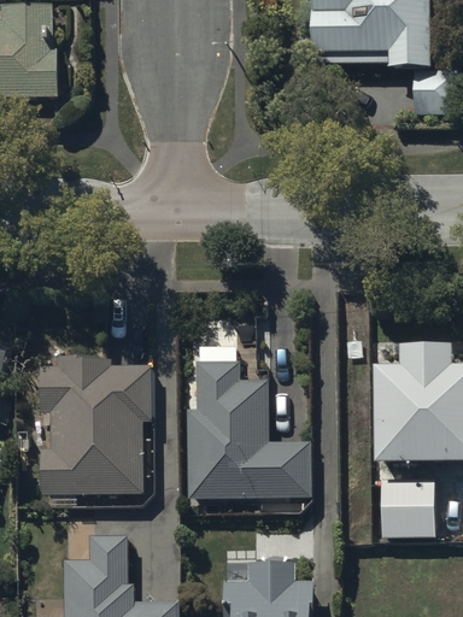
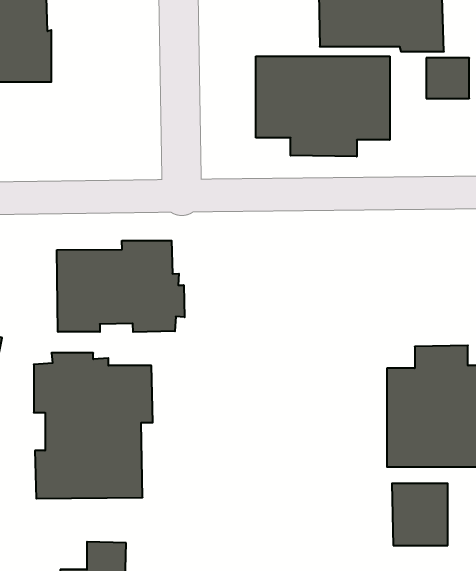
building: none -> [256,56,390,157]
building: none -> [57,241,185,332]
building: [187,346,311,498] -> none

